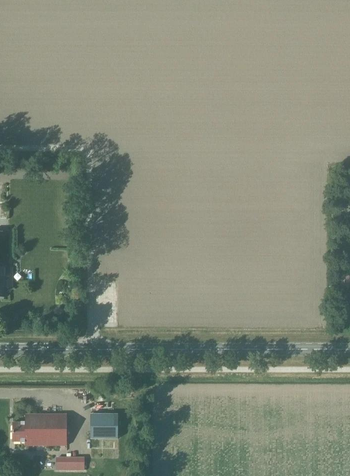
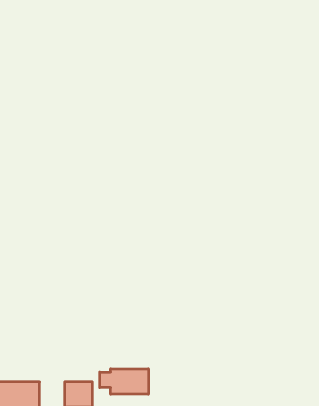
building: none -> [100,369,148,394]

